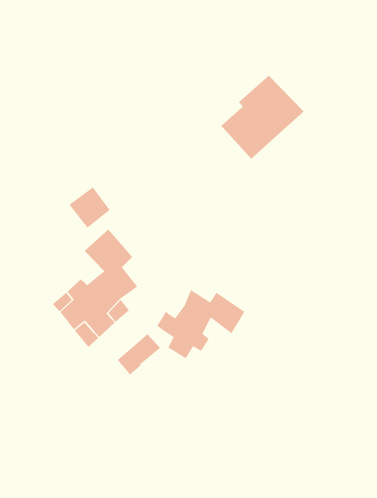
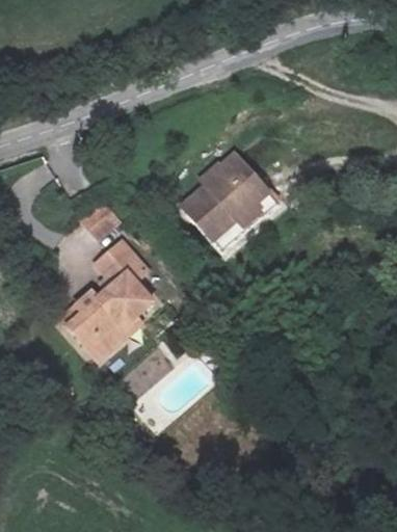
building: [221,75,305,160] -> [184,155,269,241]
building: [156,289,245,359] -> none

